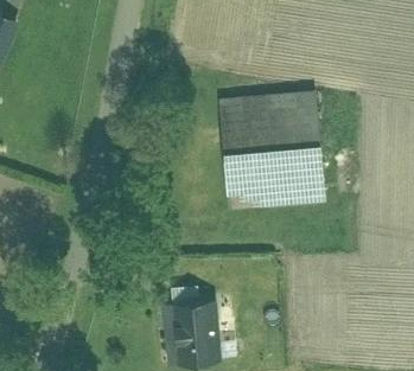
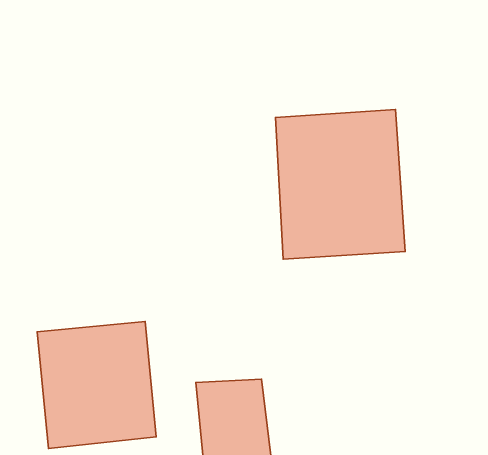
building: none -> [37,322,156,449]

